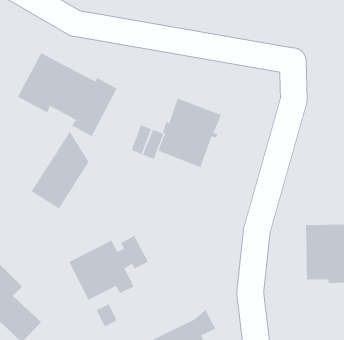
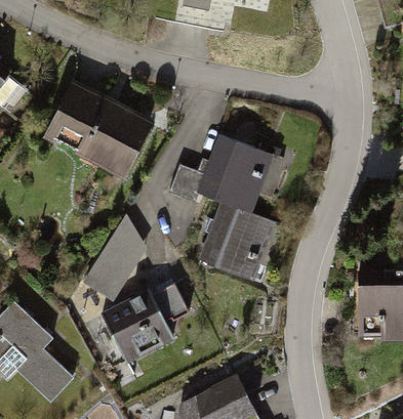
building: [31,130,90,209] -> [83,215,147,300]
building: none -> [200,202,269,282]

